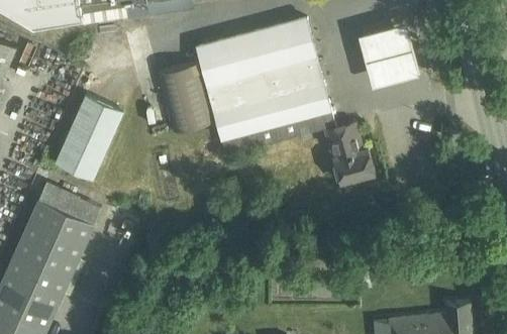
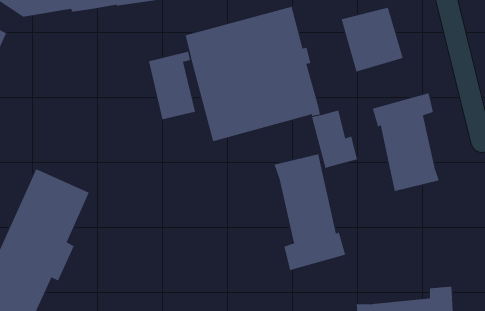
building: [54,95,122,181] -> none
building: none -> [372,92,440,192]
building: none -> [274,153,346,271]

